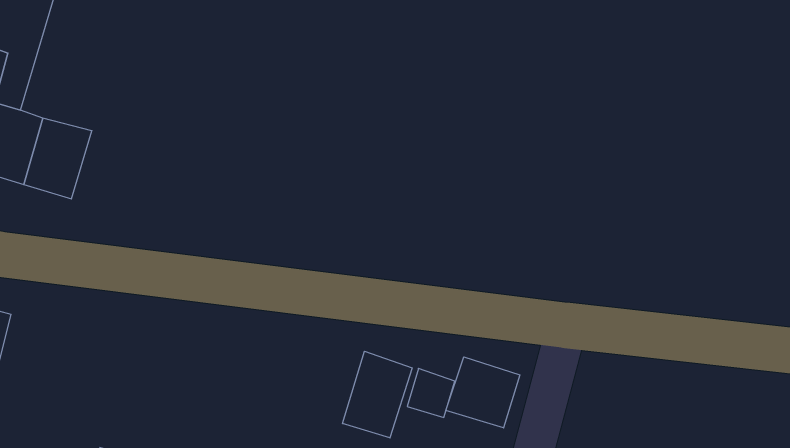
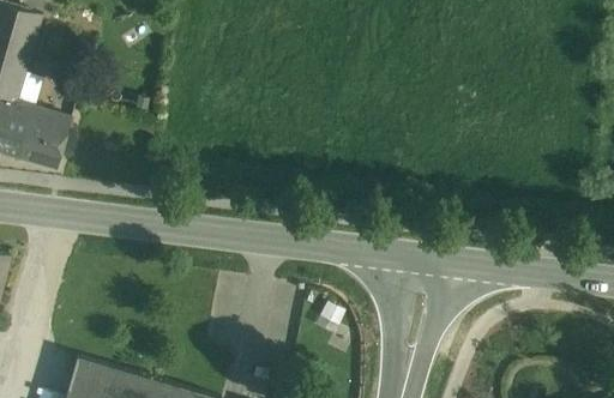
building: [343,351,412,438] -> none
building: [446,357,520,428] -> none

